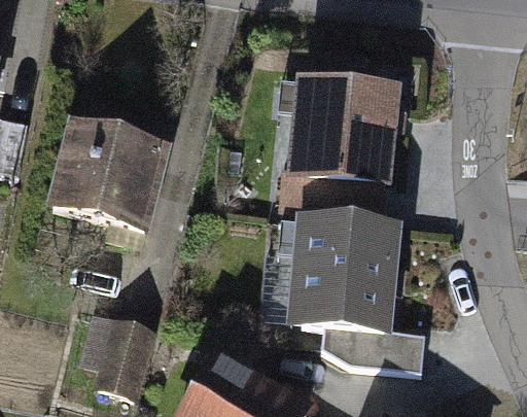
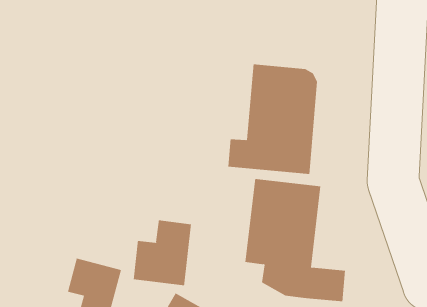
building: [51,127,162,230] -> none
building: none -> [133,220,192,286]

